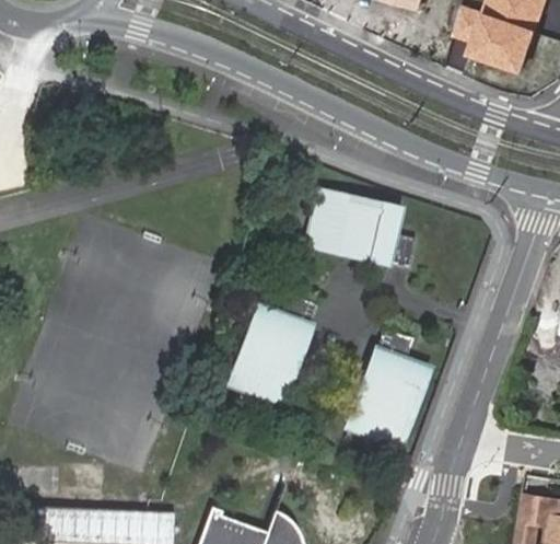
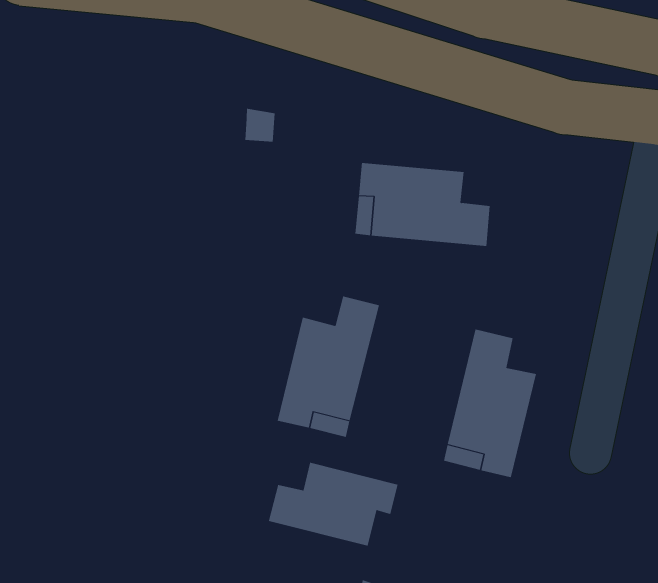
building: none -> [268,462,398,547]

